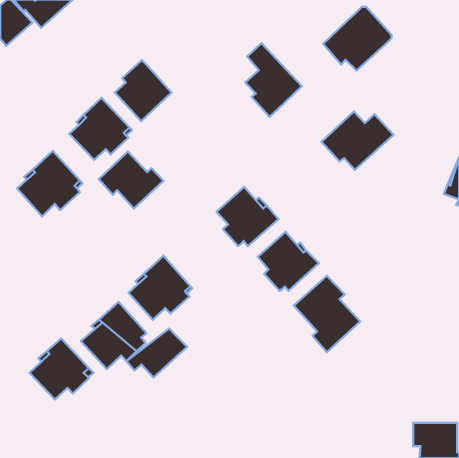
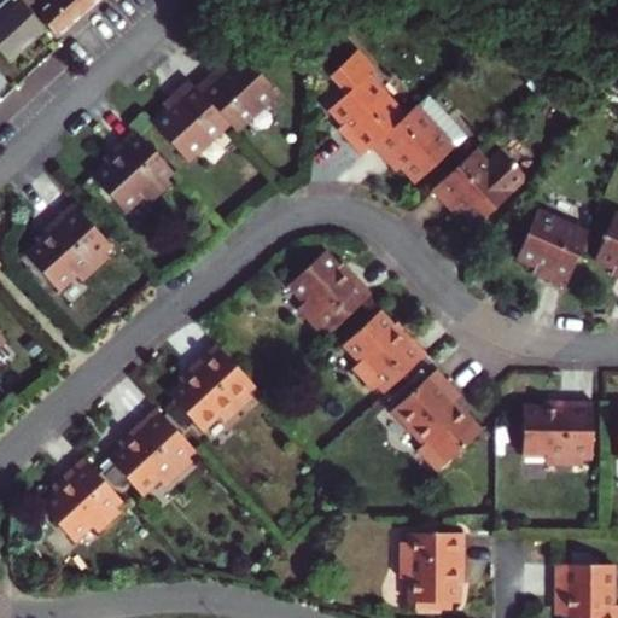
building: [323,7,391,71] -> [373,98,465,183]
building: none -> [198,57,278,132]
building: [99,152,163,208] -> none
building: none -> [518,209,589,286]
building: none -> [521,404,590,468]
building: [127,329,187,378] -> none
building: none -> [401,537,466,607]

